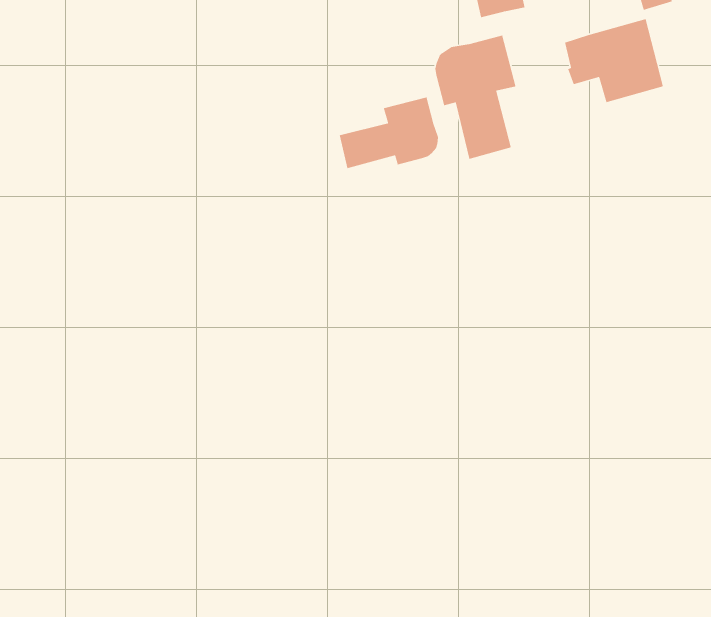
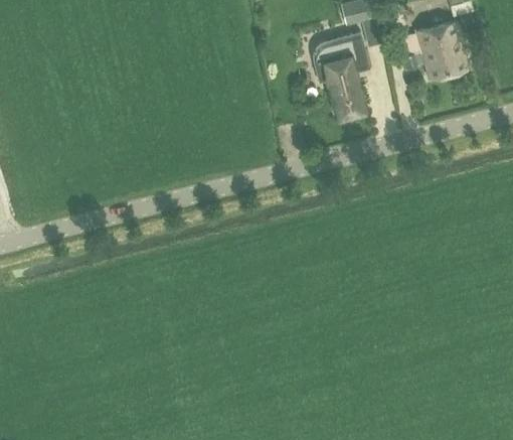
building: [339,96,439,169] -> none

